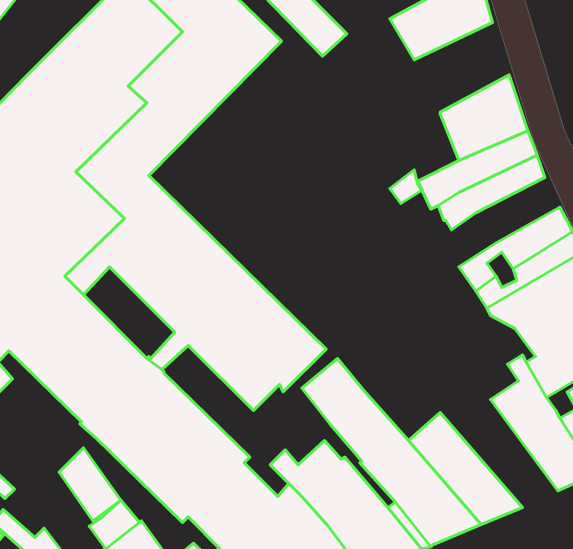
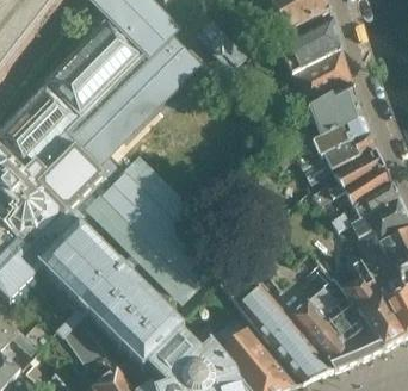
building: none -> [289,45,350,101]
building: none -> [310,148,382,201]
building: none -> [305,274,381,355]

